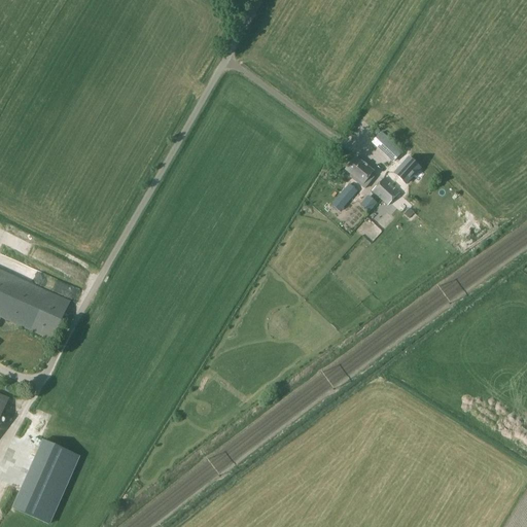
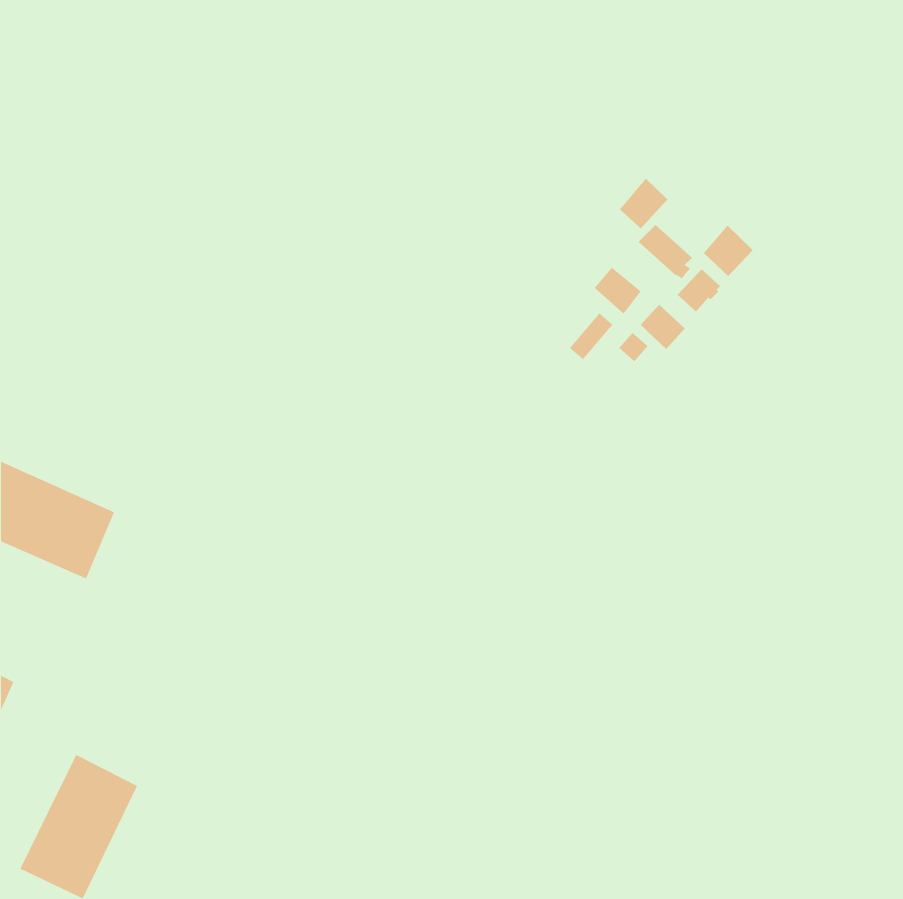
building: none -> [619,178,668,229]
building: none -> [703,225,753,277]

